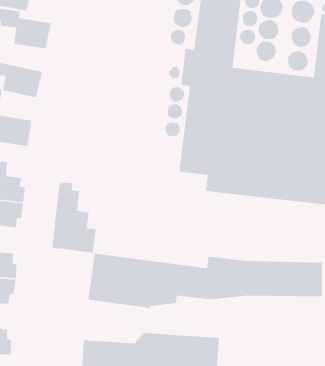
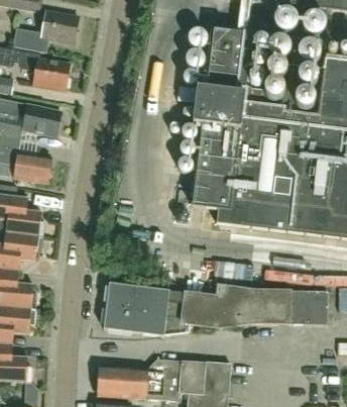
building: [52,181,97,254] -> none

